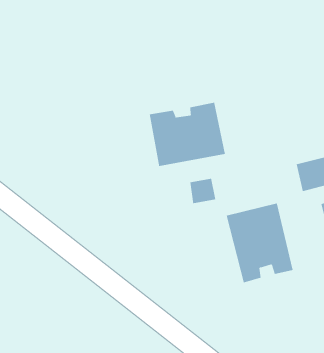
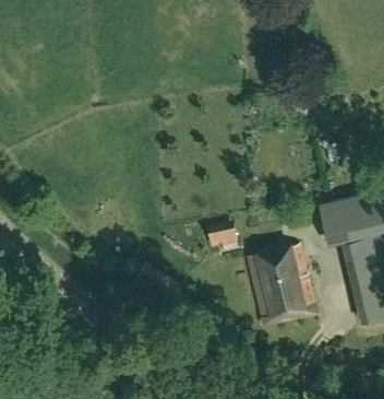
building: [149,102,225,167] -> none

